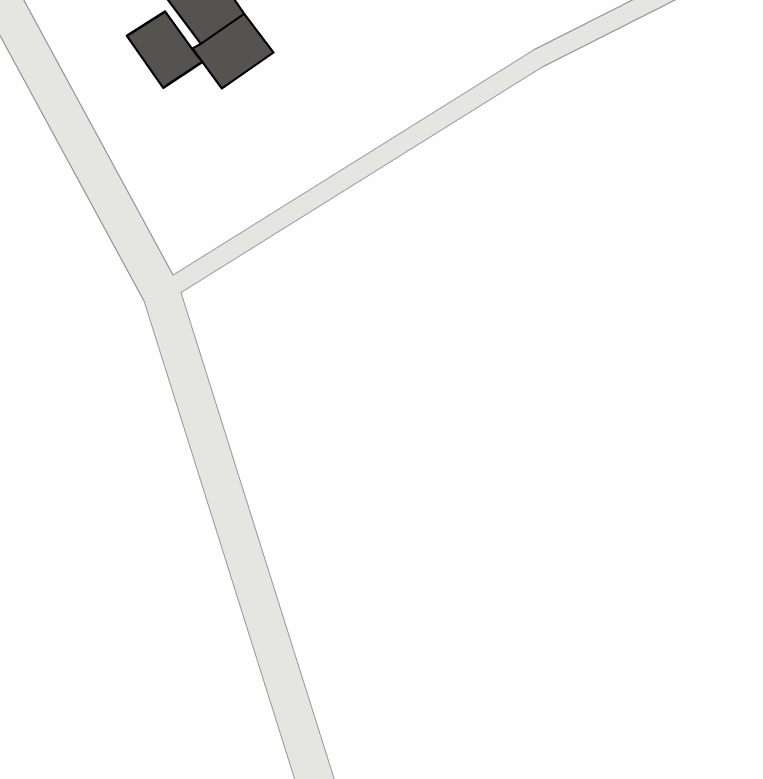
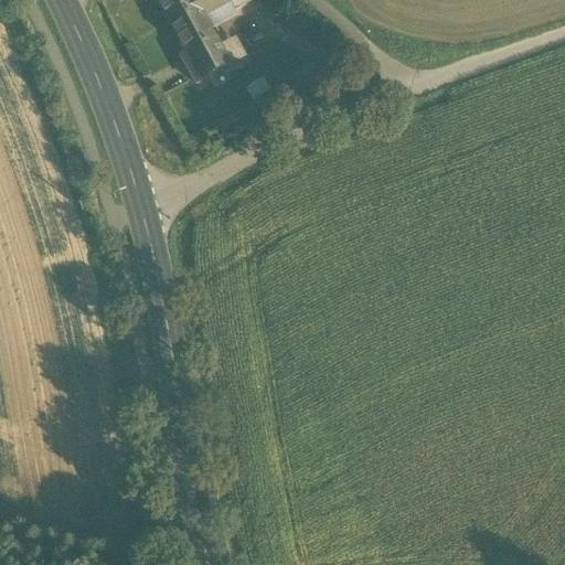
building: [127,11,202,88] -> none

